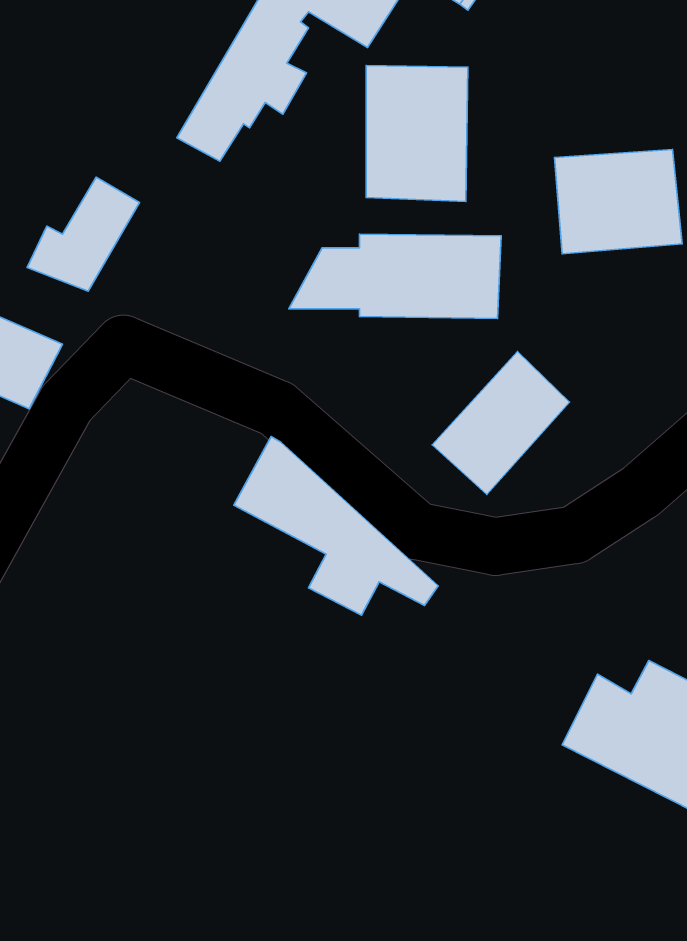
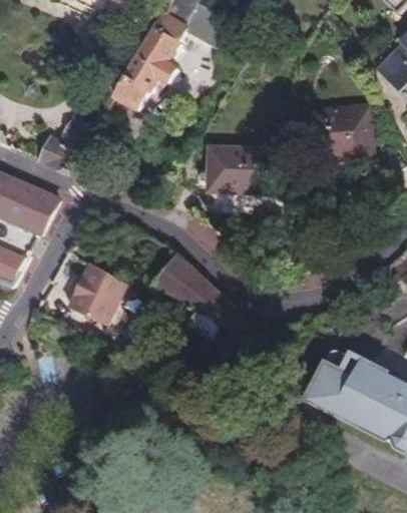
building: [366,66,468,201] -> none
building: [432,352,570,495] -> none
building: none -> [70,265,124,324]

